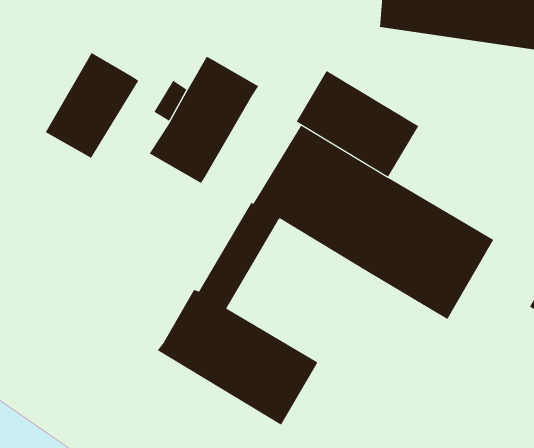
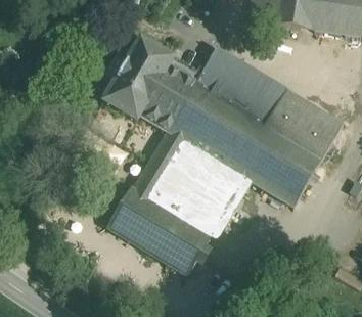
building: [45,52,139,159] -> [142,63,202,132]
building: none -> [259,83,346,155]
building: none -> [155,142,243,233]

